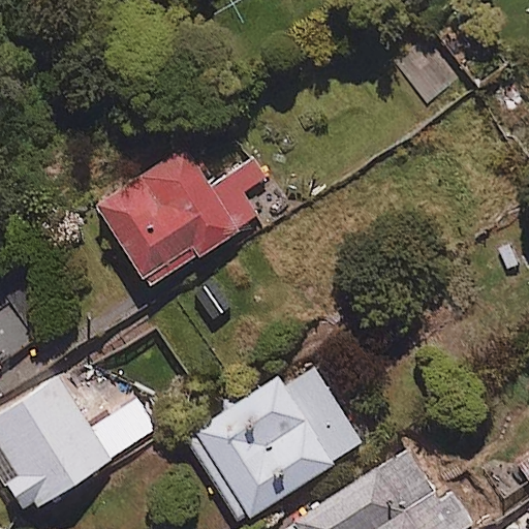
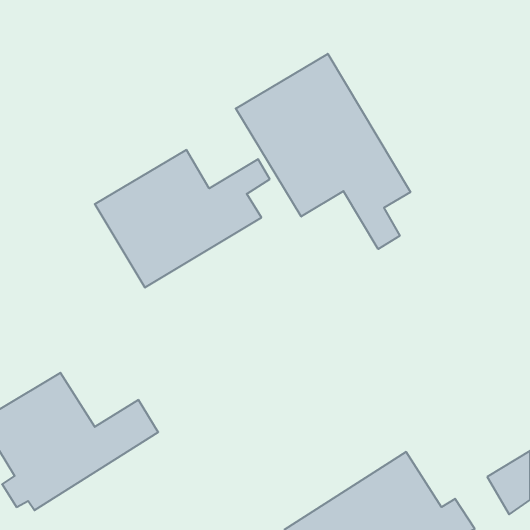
building: none -> [236,54,410,249]
building: [190,366,368,520] -> none

